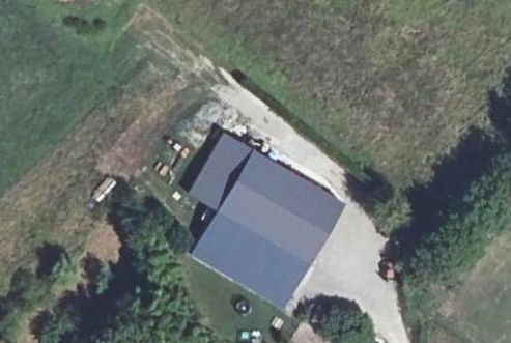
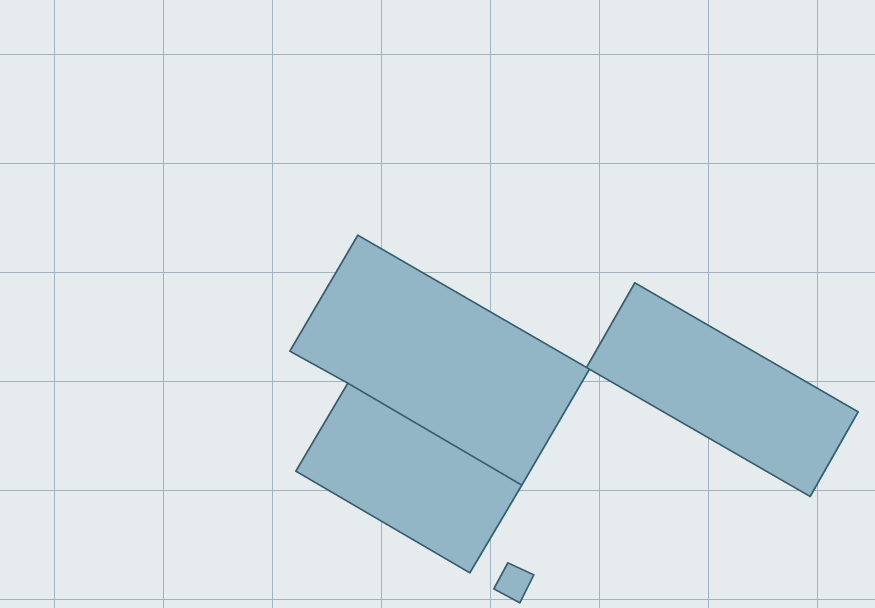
building: none -> [587,283,858,496]

